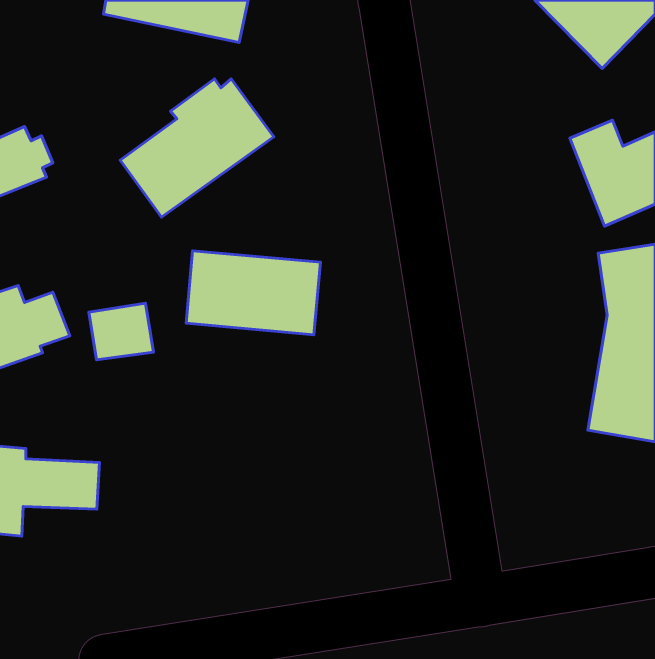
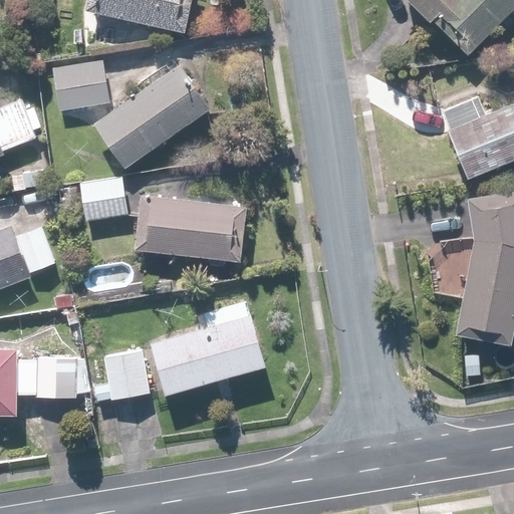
building: none -> [50,57,109,111]
building: [89,303,153,360] -> [78,176,128,220]
building: none -> [150,299,266,396]
building: none -> [94,350,149,401]

